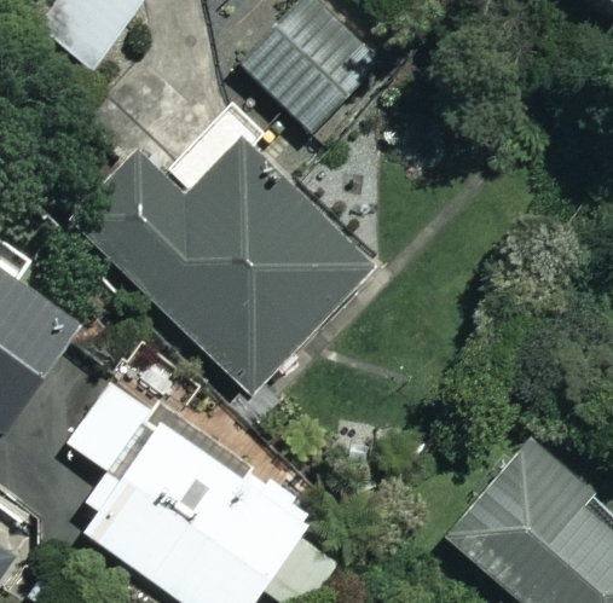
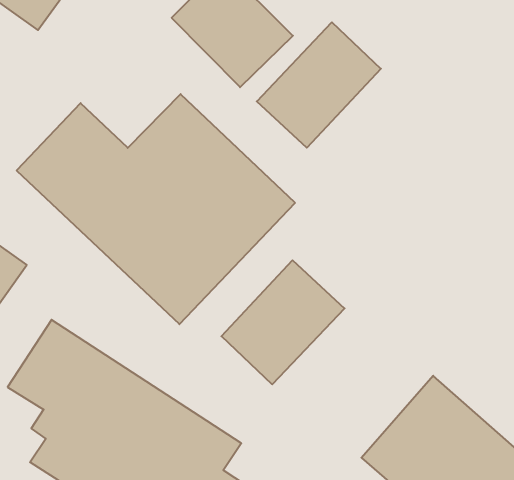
building: none -> [257,22,381,148]
building: none -> [221,260,345,384]

